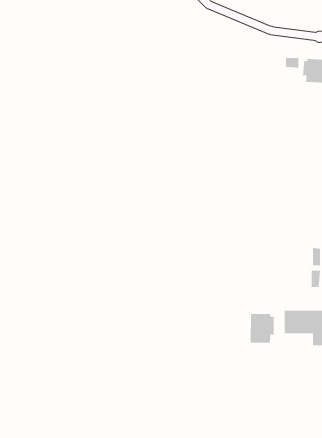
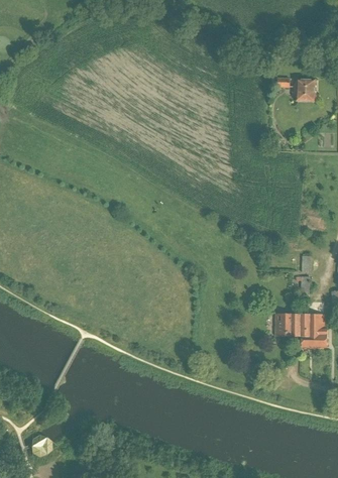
building: [250,313,274,343] -> none

